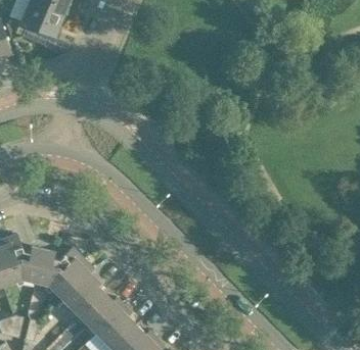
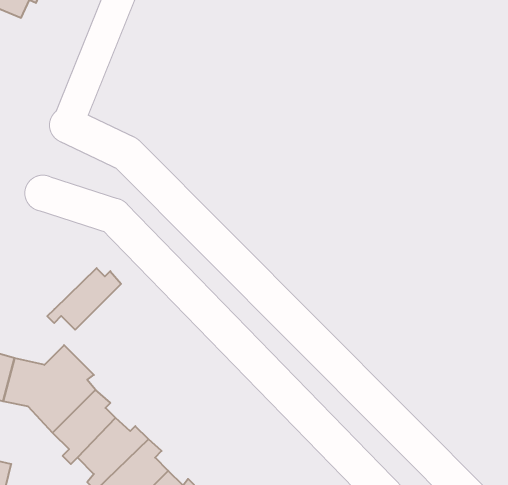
building: none -> [47,268,121,330]

